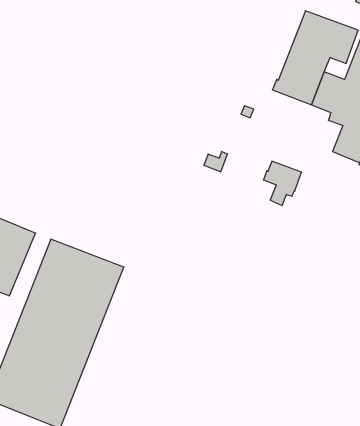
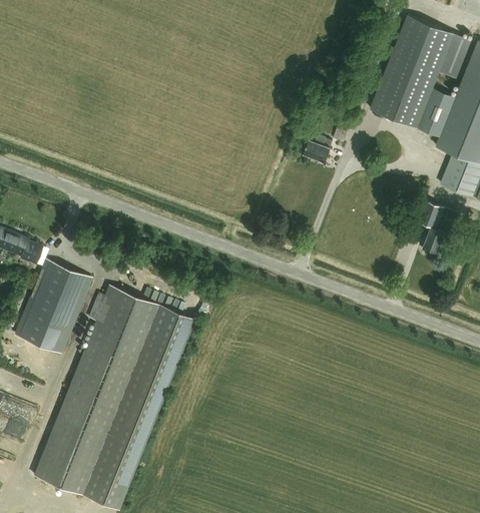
building: [204,152,228,172] -> [304,138,332,162]
building: [263,161,302,205] -> [415,200,460,252]

